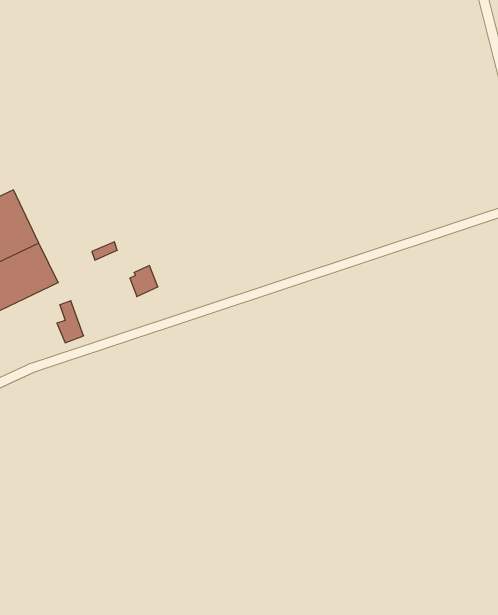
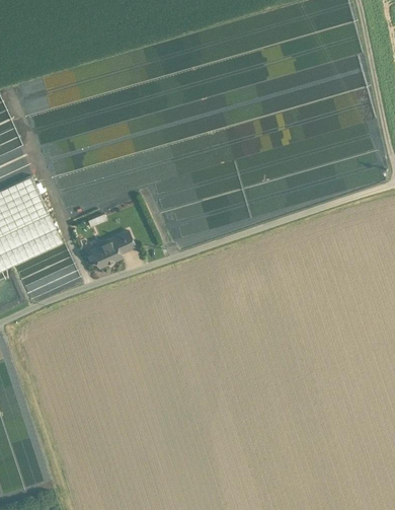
building: none -> [87,240,117,269]

